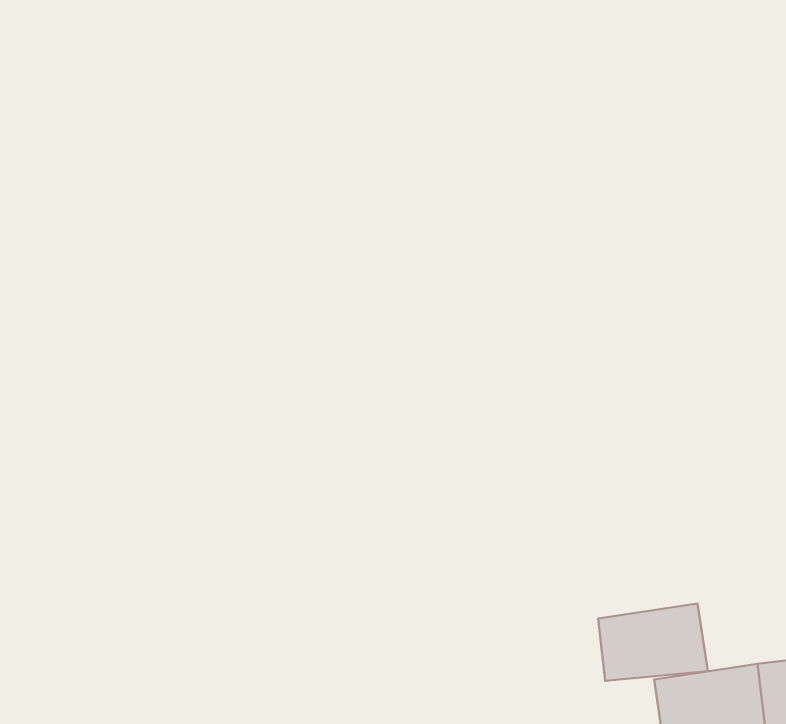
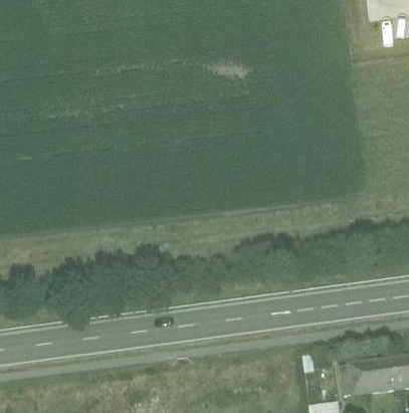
building: [598,604,708,681] -> none

